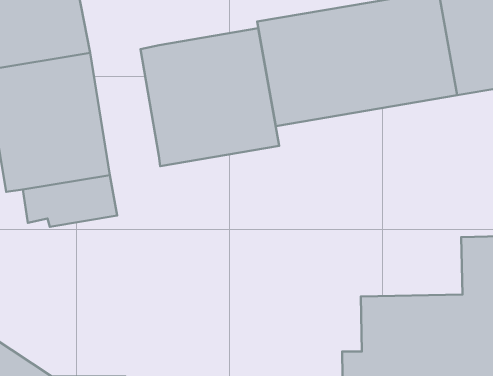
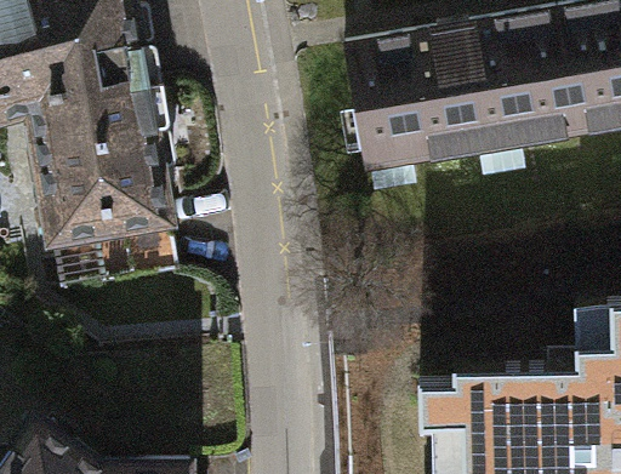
building: [141,28,279,166] -> none

